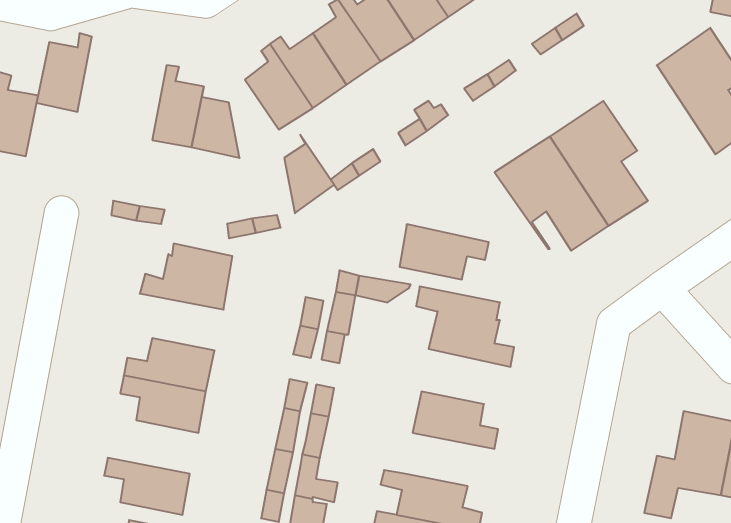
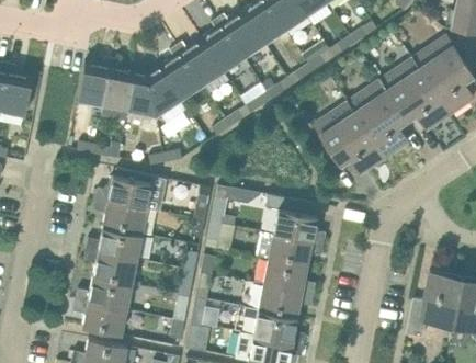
building: [37,33,92,112] -> [78,57,112,105]
building: none -> [381,59,450,129]
building: [284,135,334,213] -> [150,68,181,116]
building: [400,224,489,279] -> [269,234,324,268]
building: none -> [94,200,147,235]
building: none -> [76,277,132,310]
building: none -> [259,285,314,318]

